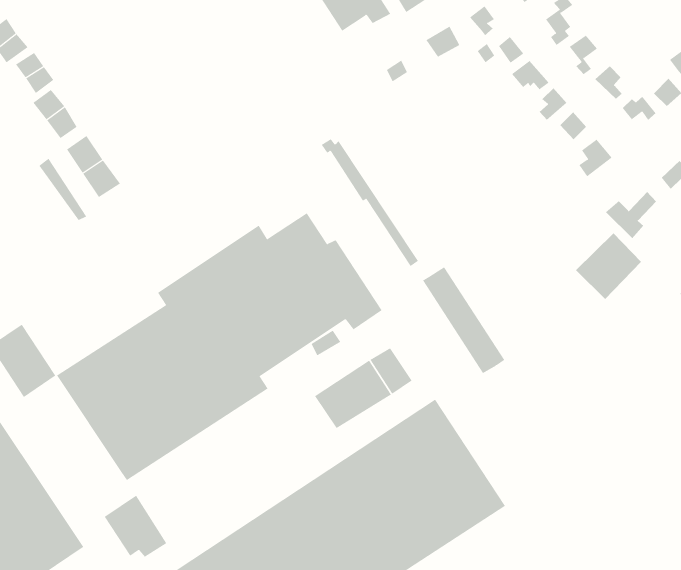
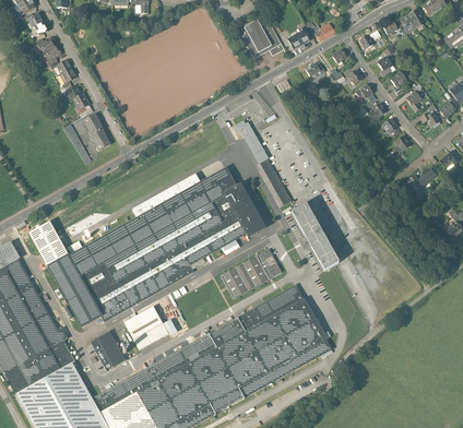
building: [575,233,642,300] -> none
building: none -> [46,254,102,328]
building: none -> [123,305,178,350]

